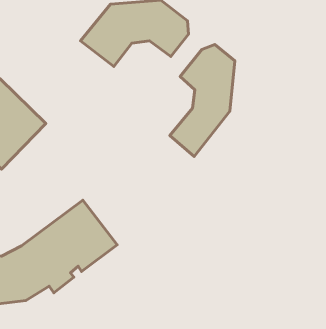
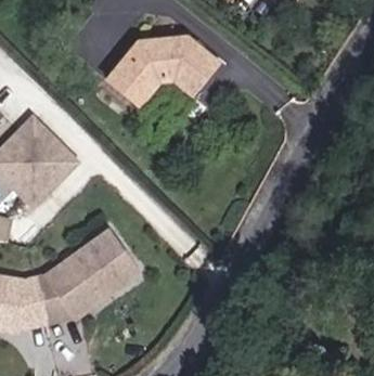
building: [170,44,235,156] -> none

